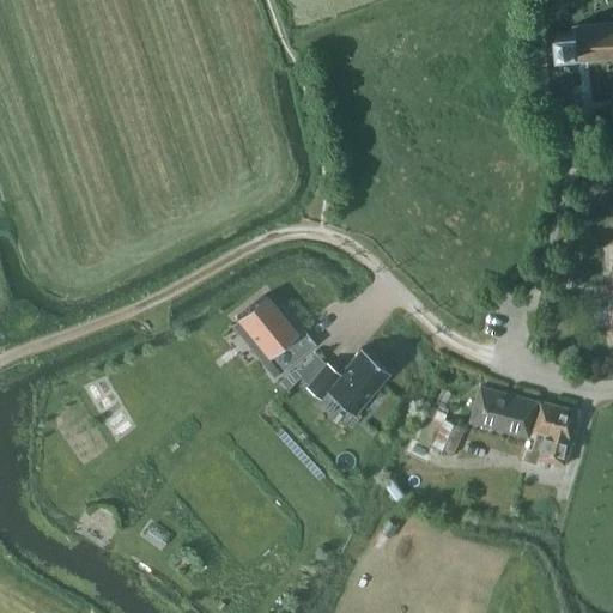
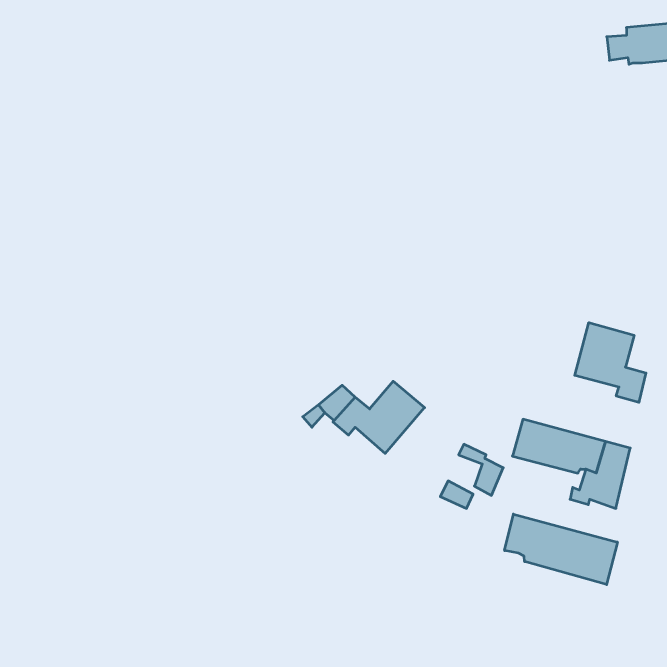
building: [237,297,312,378] -> none
building: none -> [575,323,646,402]
building: none -> [505,514,617,585]

